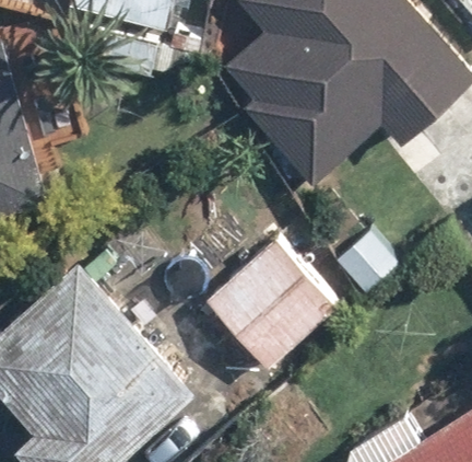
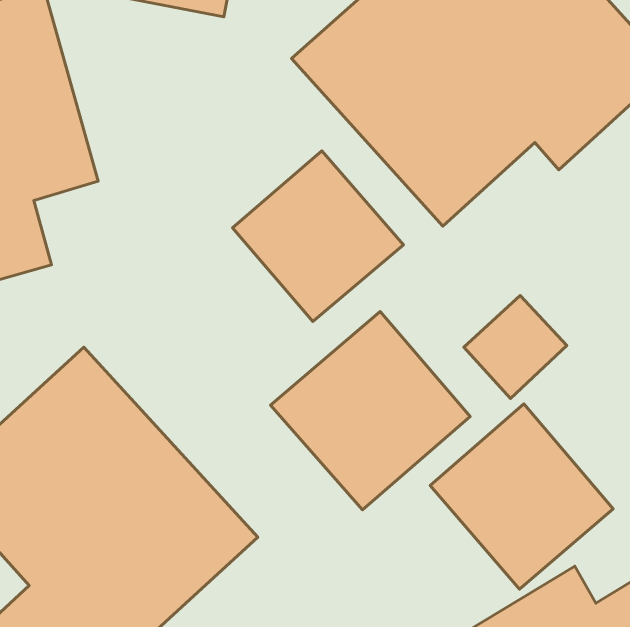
building: none -> [233,151,404,322]
building: none -> [430,404,613,589]

